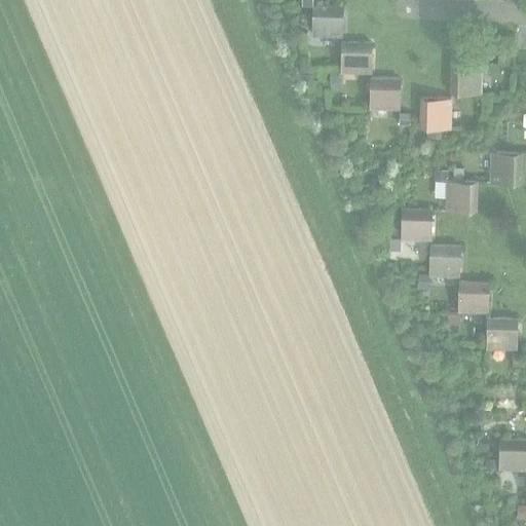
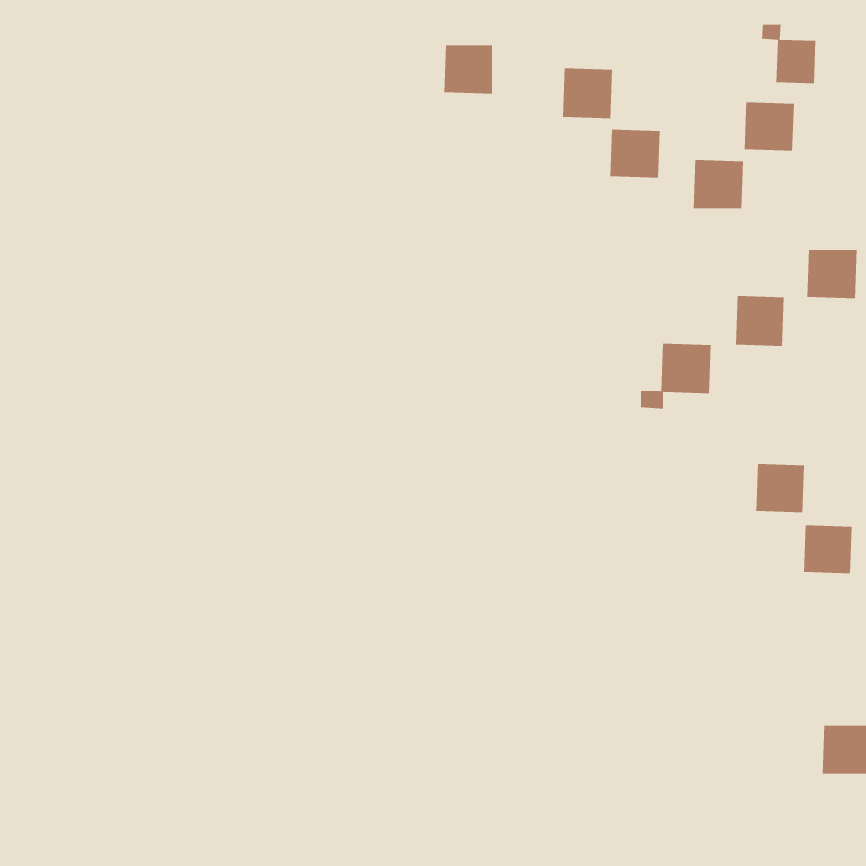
building: [312,6,342,36] -> [444,45,493,94]
building: none -> [762,24,816,84]
building: [428,245,459,275] -> none

